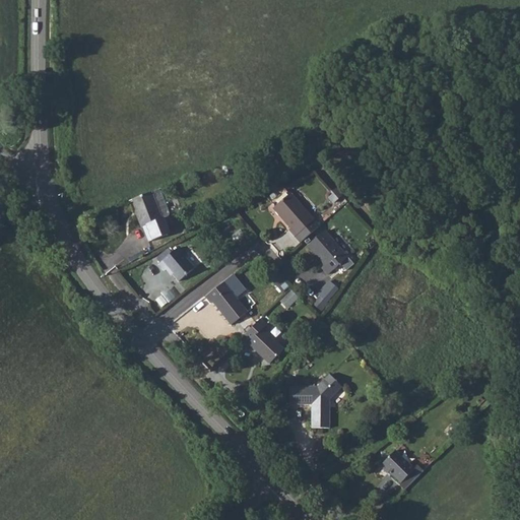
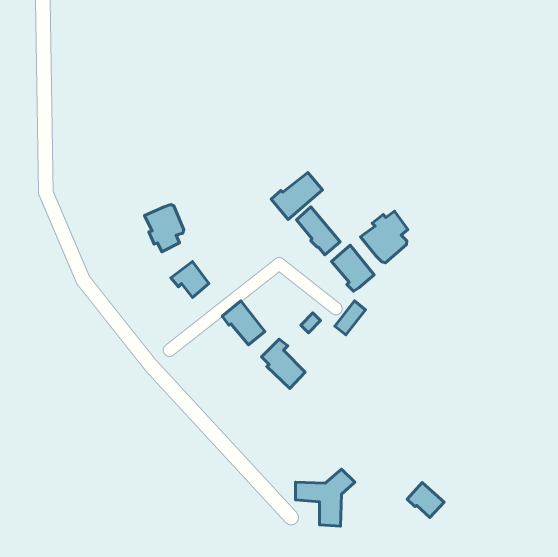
building: none -> [271,172,323,220]
building: none -> [360,211,408,263]
building: [288,377,343,430] -> [296,469,355,526]

